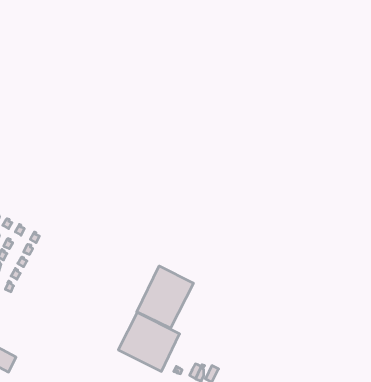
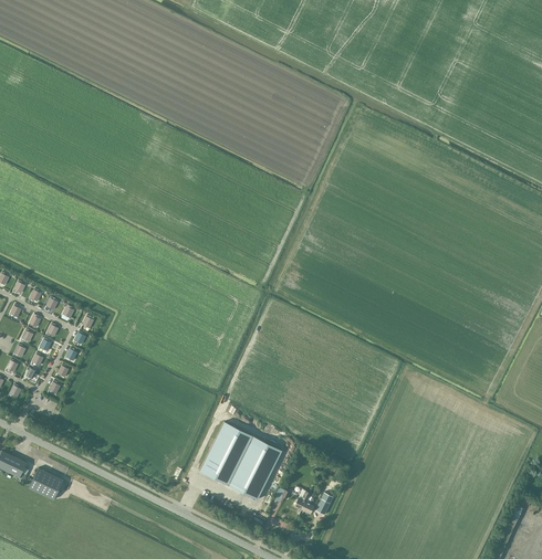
building: [137,266,193,328] -> none

